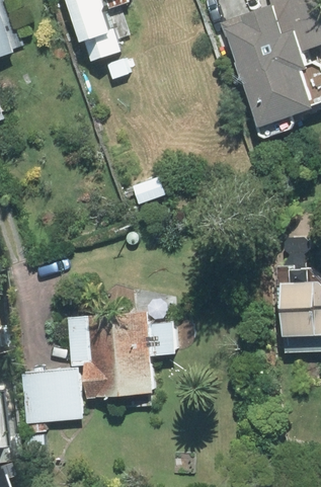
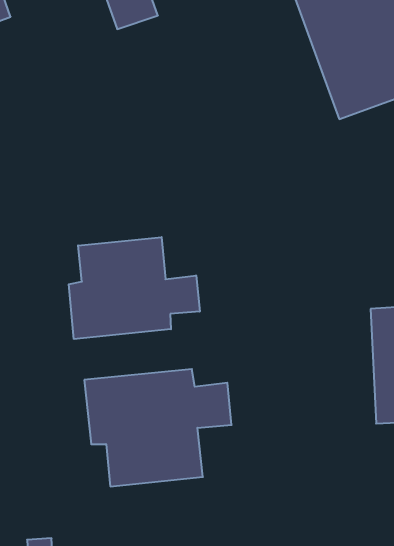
building: none -> [69,237,200,339]
building: [22,369,84,433] -> none

